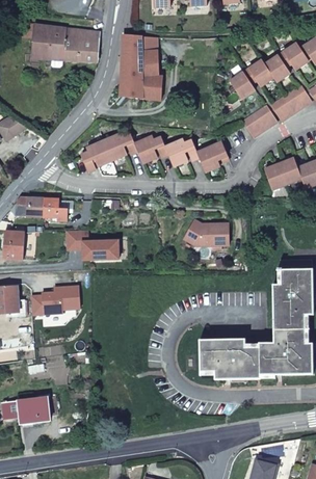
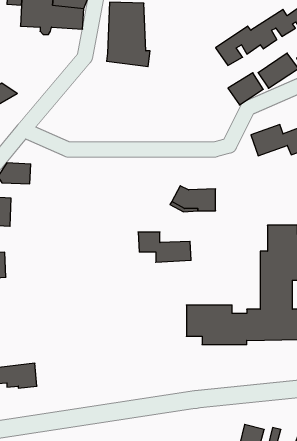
building: [79,132,227,174] -> none
building: [42,197,65,221] -> none
building: [64,230,117,260] -> [138,232,191,262]
building: [30,286,79,315] -> none

